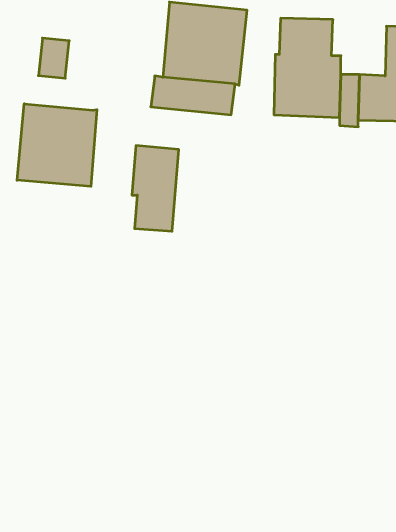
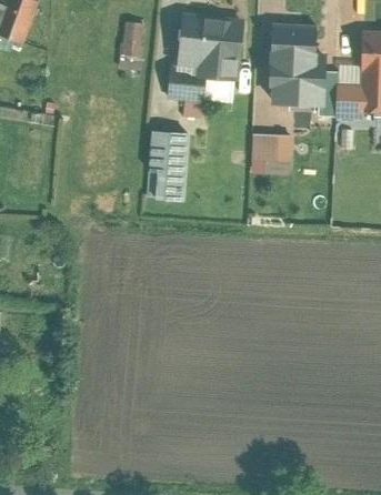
building: [38,38,69,78] -> [116,21,141,54]
building: [17,104,97,186] -> none
building: none -> [247,133,287,173]

